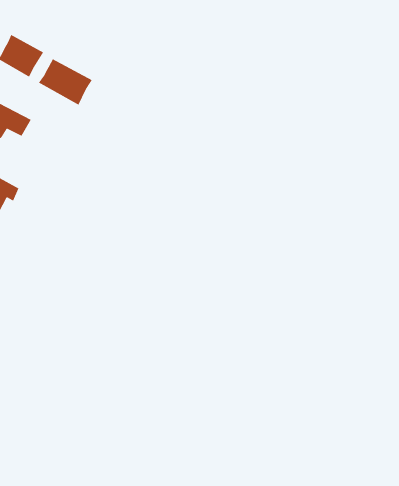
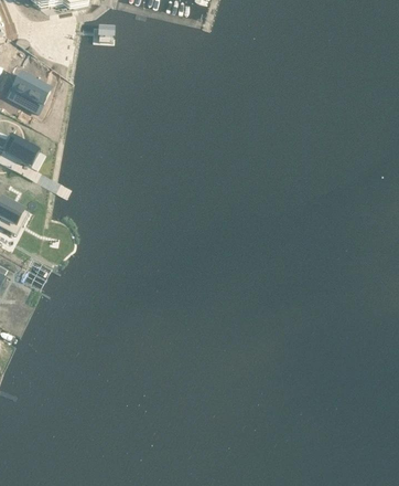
building: [38,58,93,106] -> none

